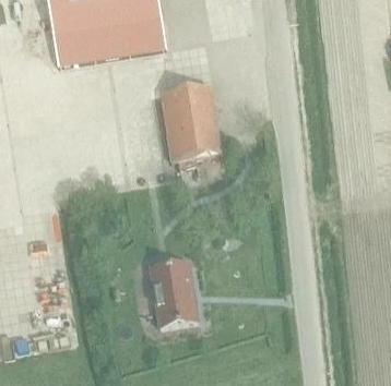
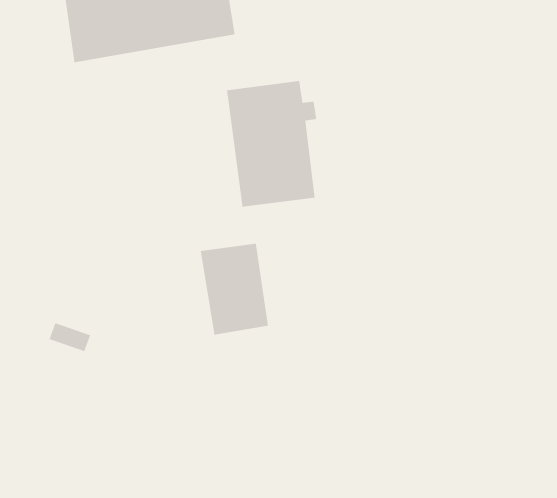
building: [151,267,199,331] -> [200,243,269,335]

